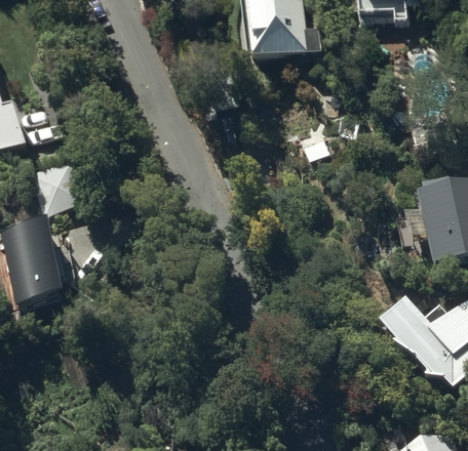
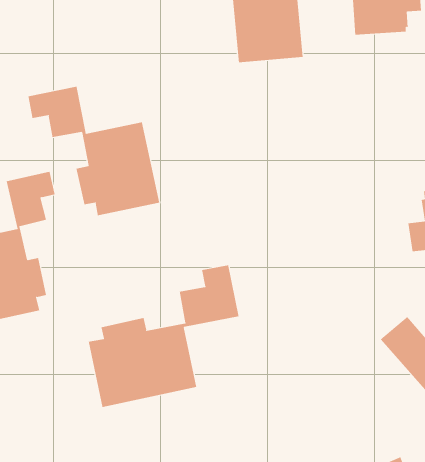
building: none -> [28,86,160,216]
building: none -> [88,264,239,408]

